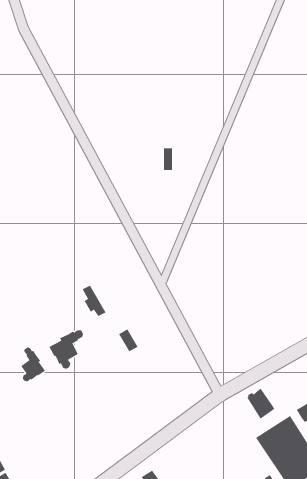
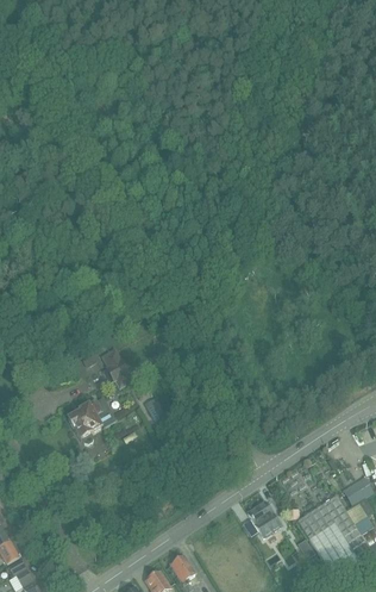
building: [21,346,46,382] -> none
building: [246,388,275,419] -> [246,501,278,536]

